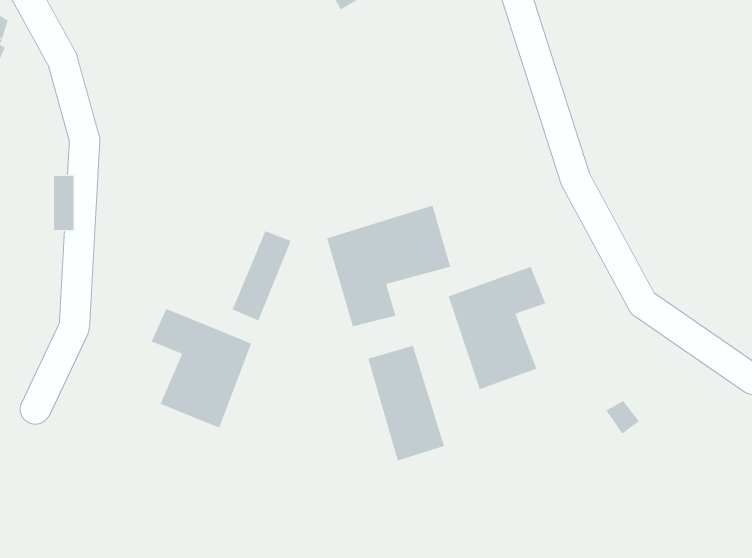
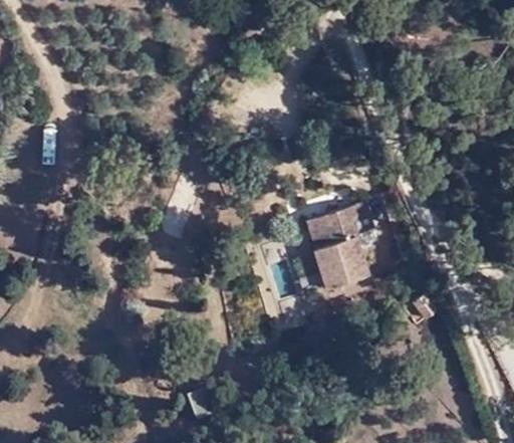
building: [327,205,451,327] -> none
building: [151,308,252,428] -> none

